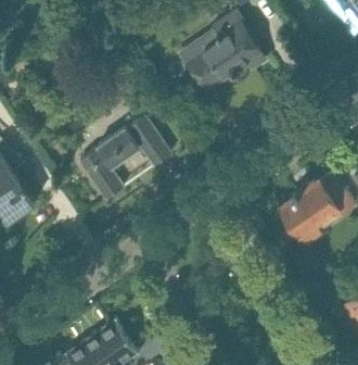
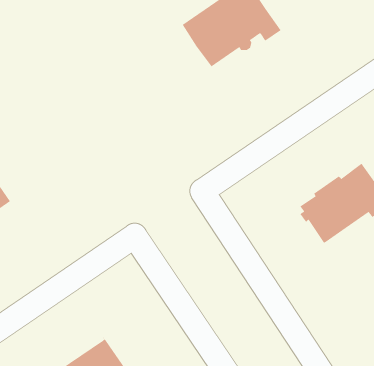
building: [78,118,169,201] -> none

